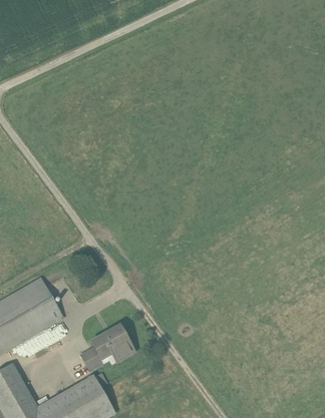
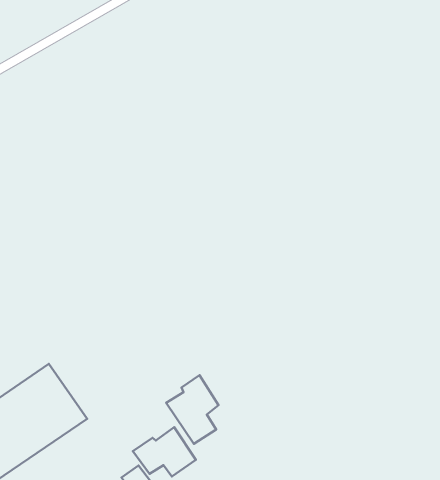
building: none -> [166,375,218,444]

